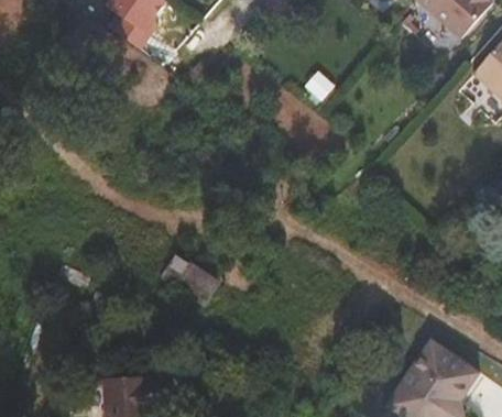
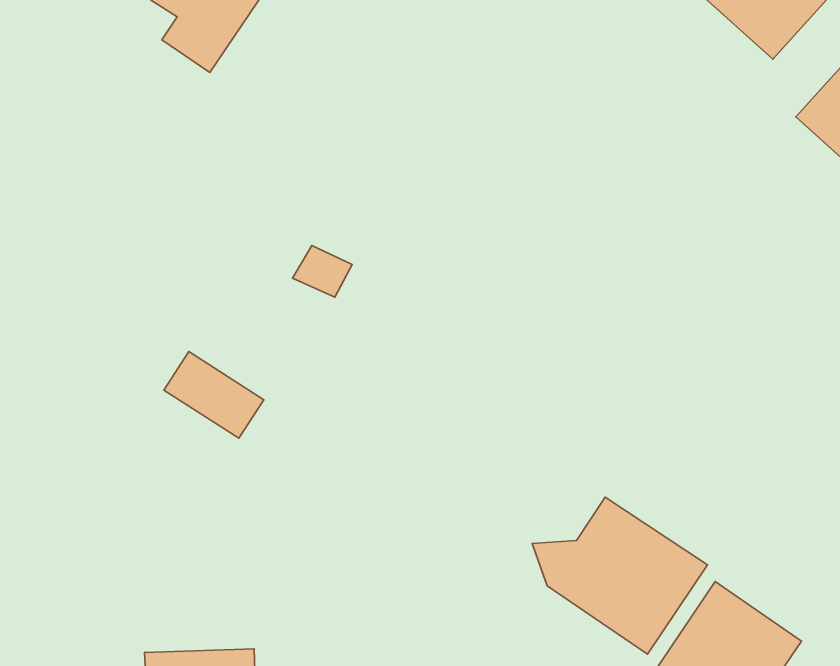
building: [161,255,218,305] -> [164,352,264,438]
building: none -> [532,497,708,654]

